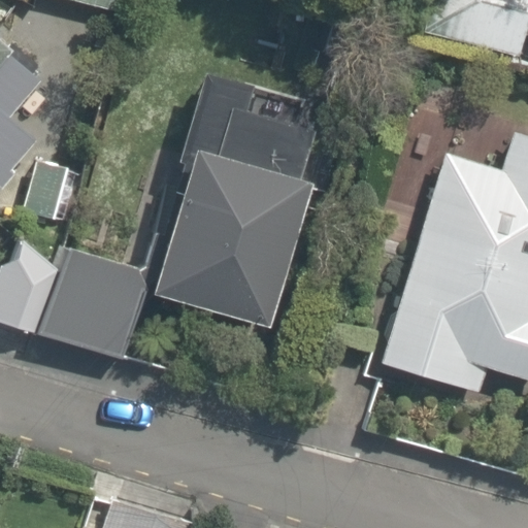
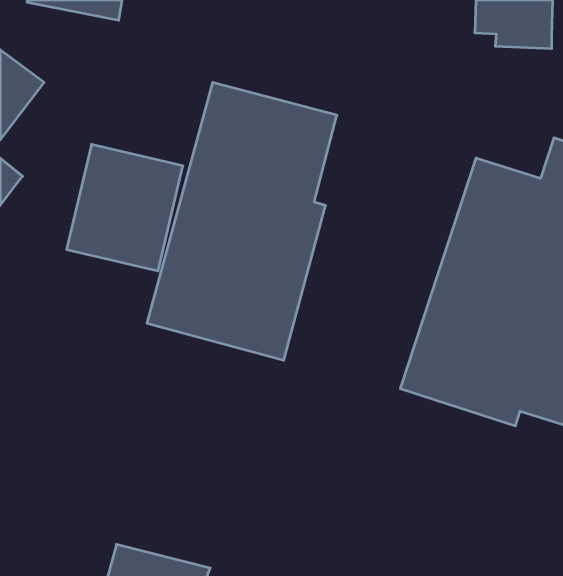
building: [39,250,145,365] -> [67,144,183,271]

